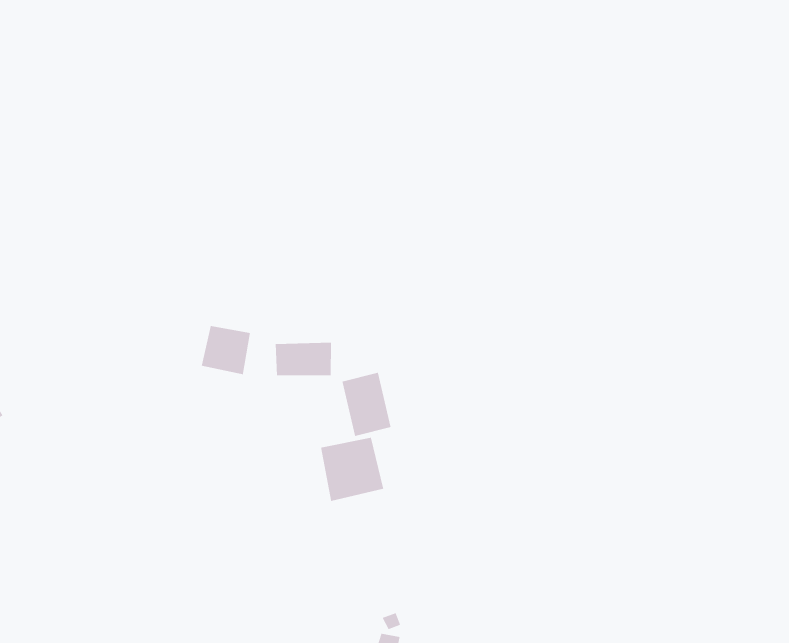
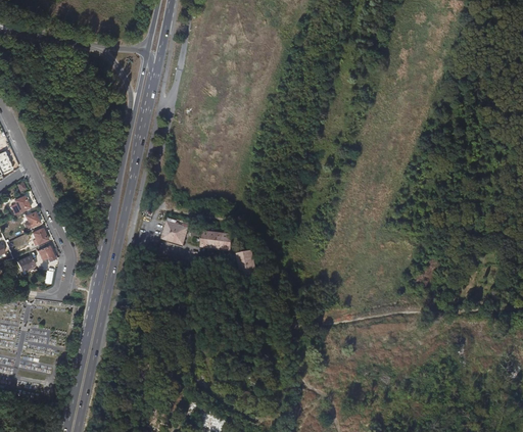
building: [320,437,384,502] -> none

